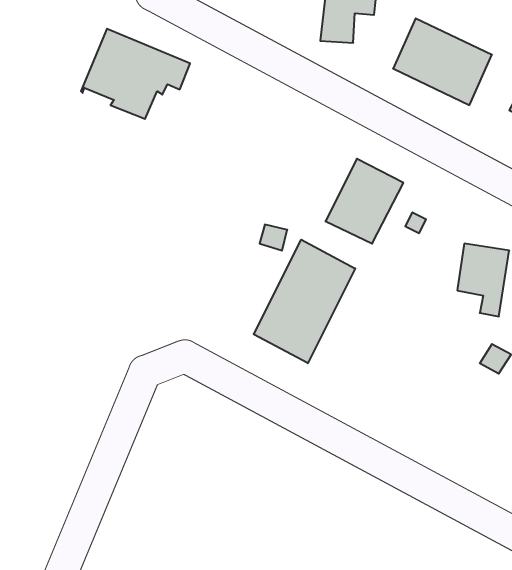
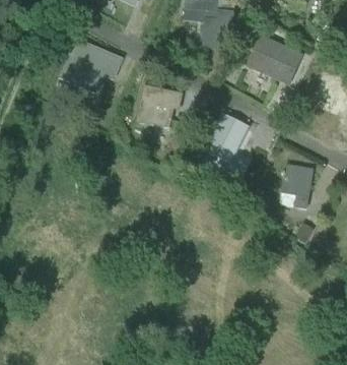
building: none -> [137,83,184,127]
building: [254,240,355,363] -> none

